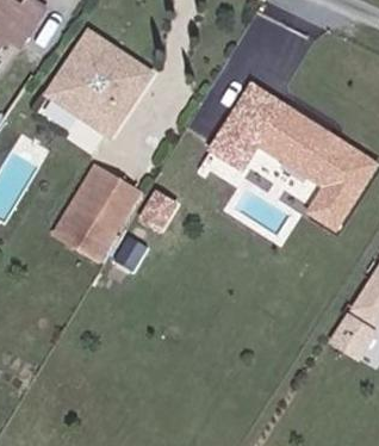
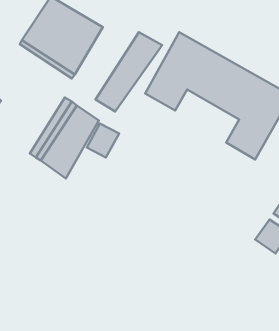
building: none -> [96,32,162,111]

